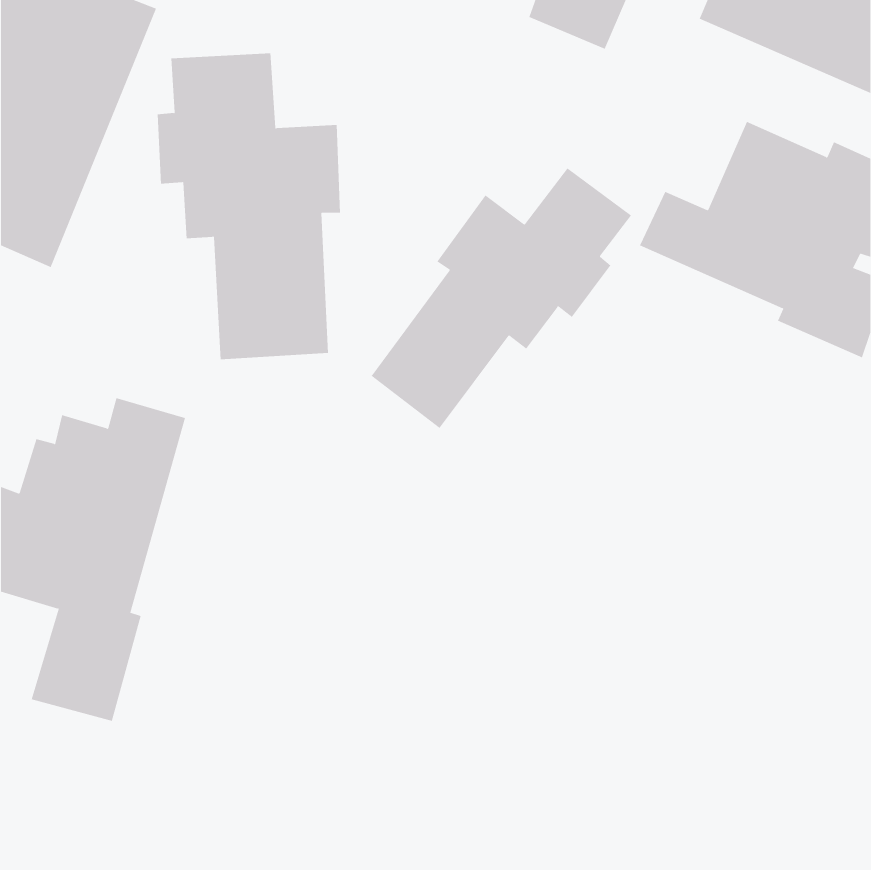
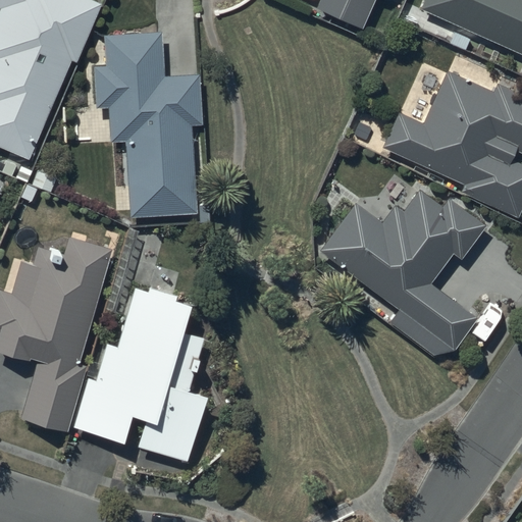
building: [371,168,632,429] -> none
building: none -> [316,186,487,357]
building: none -> [72,289,206,461]

